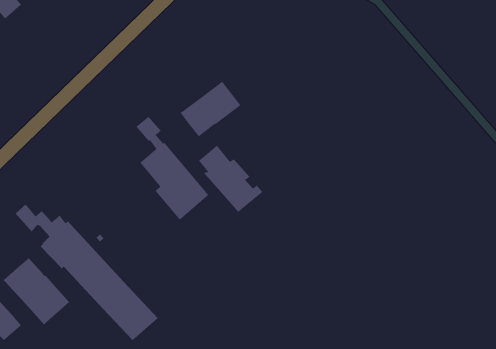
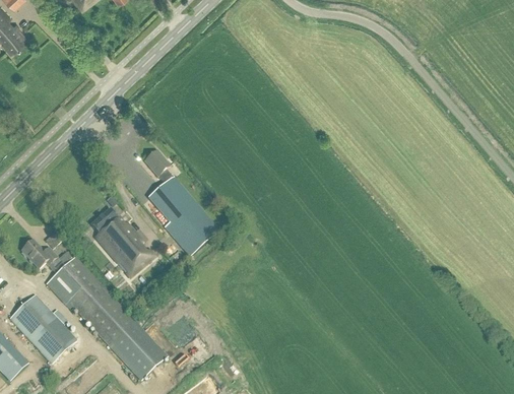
building: [180,81,241,137] -> none
building: [198,145,263,213] -> [89,206,155,275]

